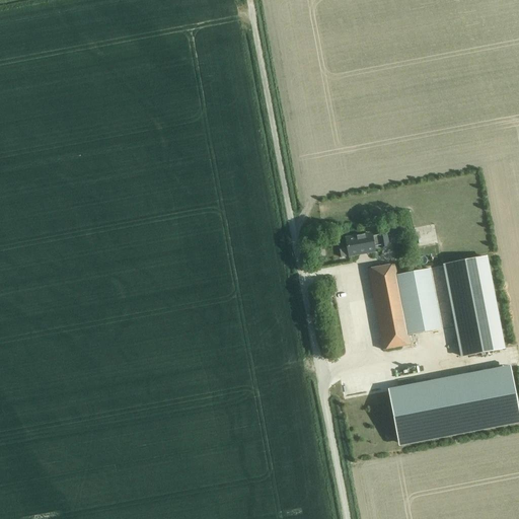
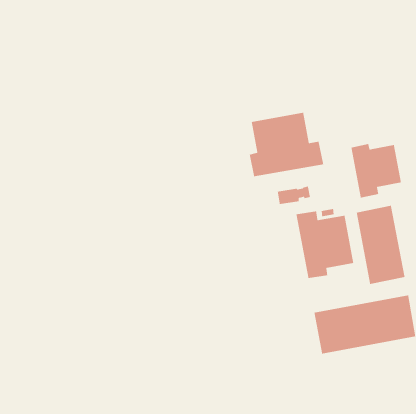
building: none -> [249,112,324,177]
building: none -> [351,143,402,199]

